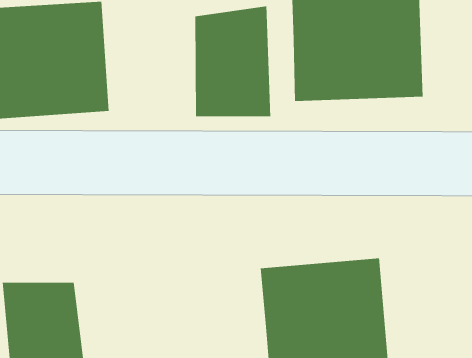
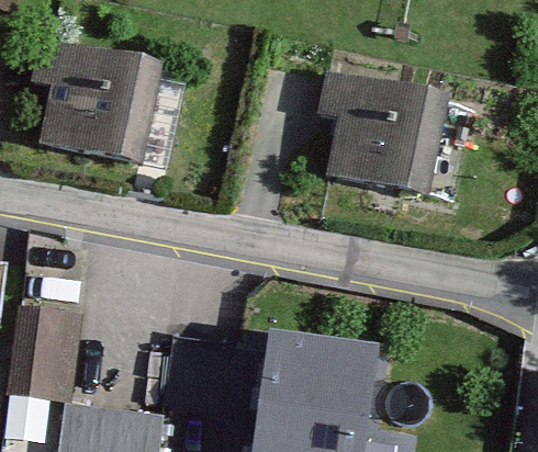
building: [195,6,271,117] -> none

